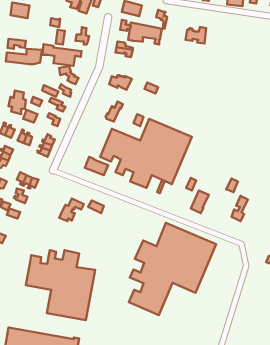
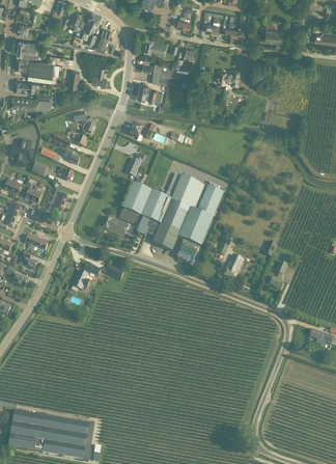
building: [43,44,82,66] -> [15,56,59,81]
building: [129,223,216,315] -> none
building: [26,250,95,320] -> none

